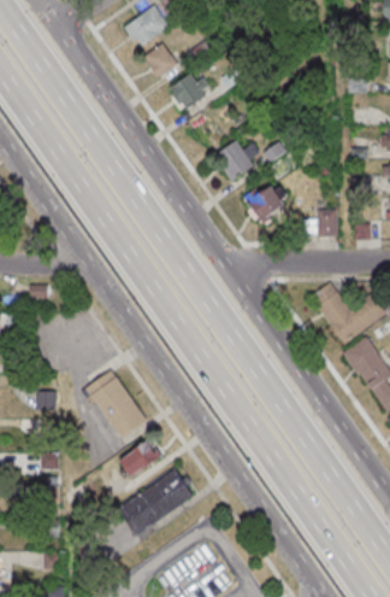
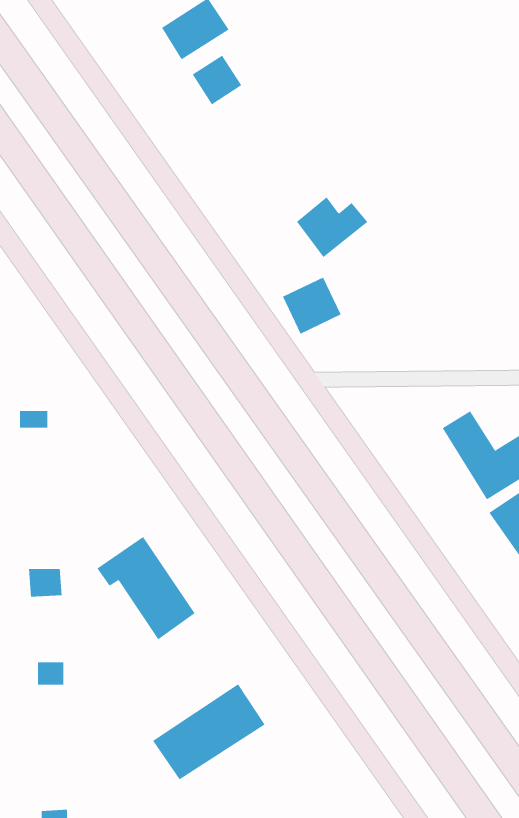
building: [171,72,208,111] -> none
building: [247,185,286,223] -> [282,277,342,334]
building: [317,212,338,238] -> none
building: [120,441,161,476] -> none

